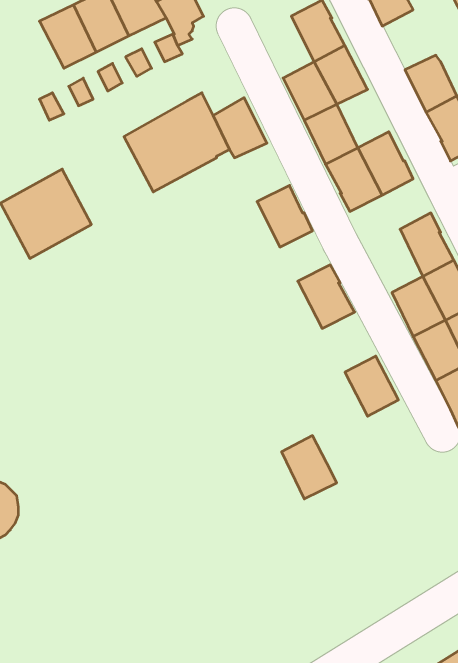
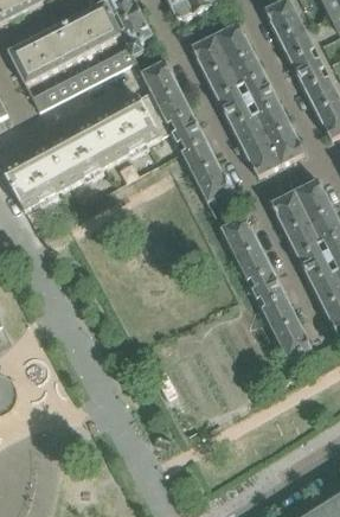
building: none -> [282,30,321,74]
building: none -> [192,34,232,79]
building: none -> [8,38,50,84]
building: none -> [141,59,181,107]
building: none -> [249,88,287,130]
building: none -> [49,122,115,186]
building: none -> [174,127,214,170]
building: none -> [271,190,312,236]
building: none -> [238,250,277,294]
building: [282,436,337,499] -> [271,314,312,360]

